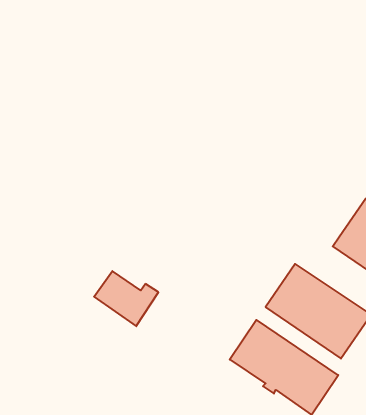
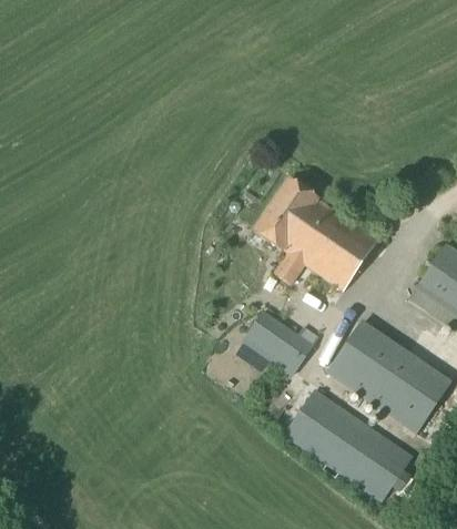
building: none -> [252,176,377,291]
building: [94,271,158,326] -> [241,309,318,376]

